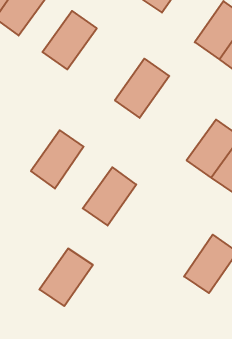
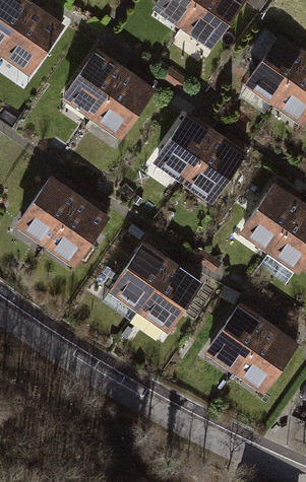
building: none -> [89,68,156,140]
building: none -> [179,127,245,199]
building: none -> [14,173,80,245]
building: none -> [203,302,269,374]
building: [39,249,93,306] -> [139,261,205,332]

